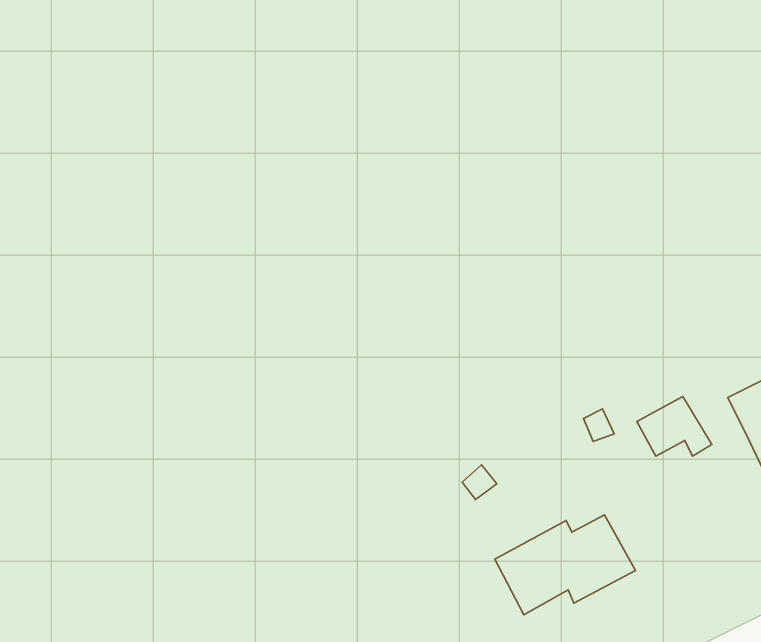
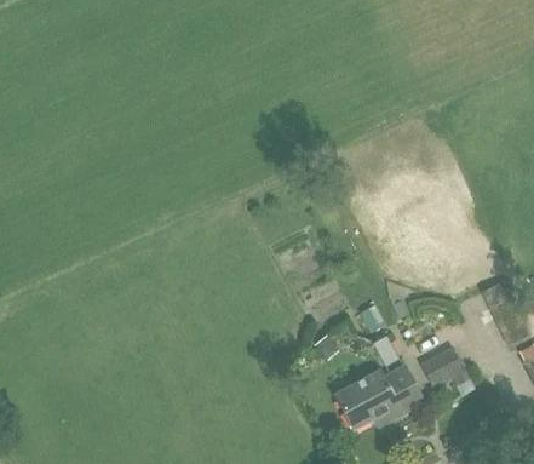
building: [637,396,712,456] -> [421,348,469,385]

